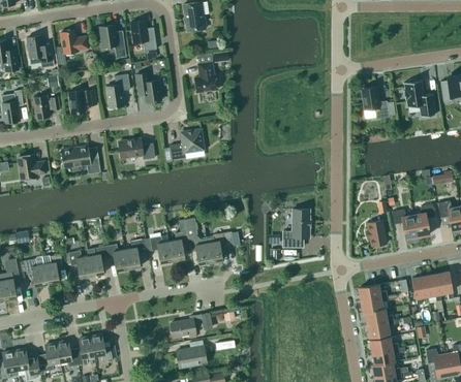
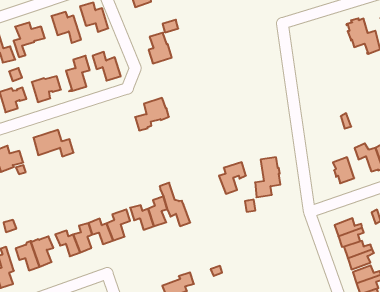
building: [361,87,395,119] -> none
building: [119,138,155,159] -> none
building: [206,232,234,262] -> [219,162,246,194]

